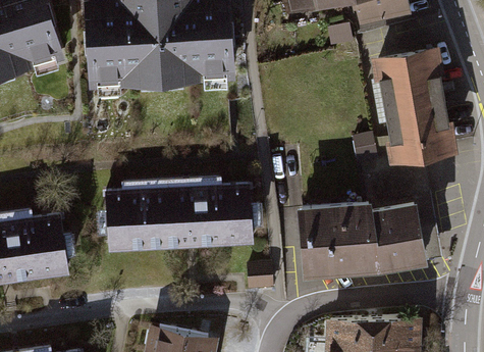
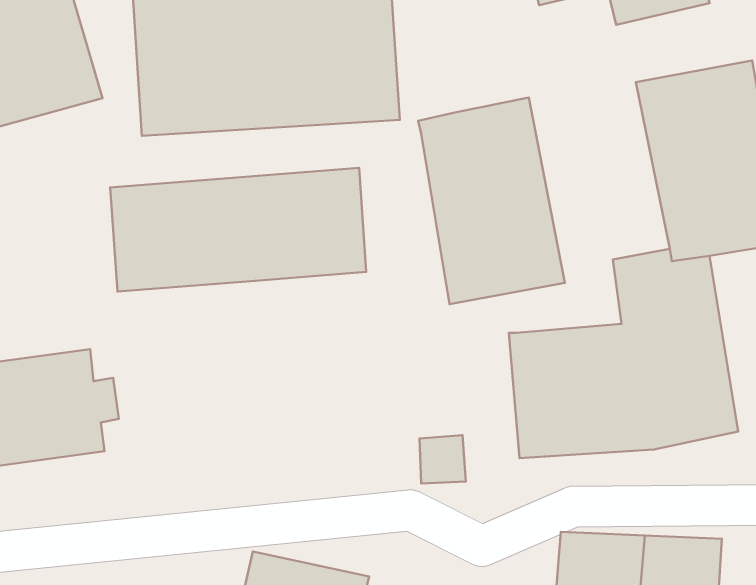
building: none -> [418,98,565,304]
building: [107,184,253,254] -> [110,168,366,291]

